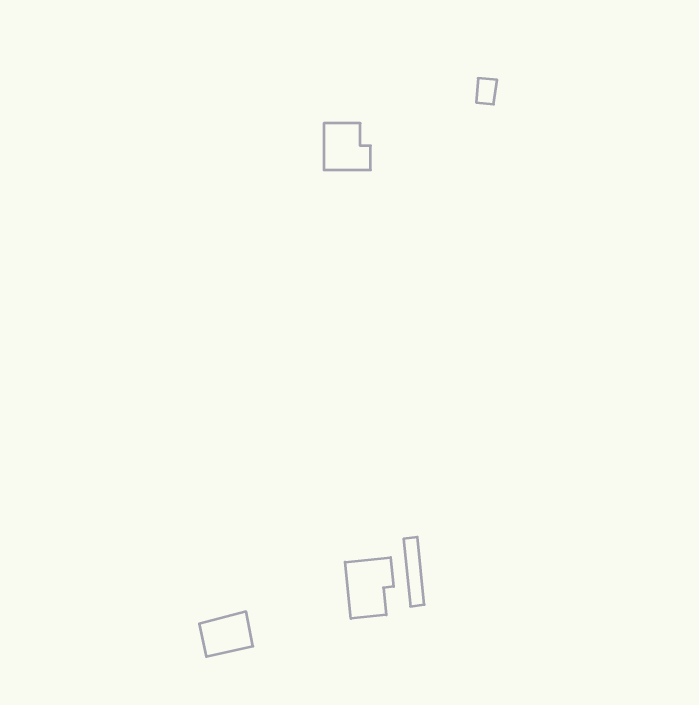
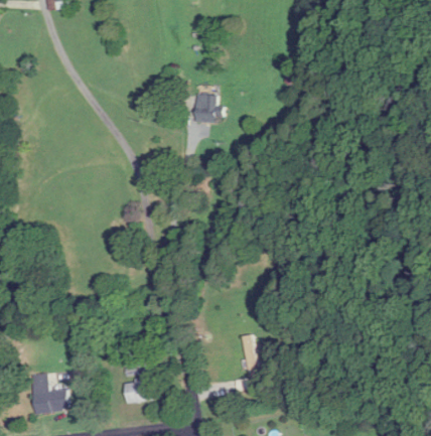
building: [345,557,394,619] -> none
building: none -> [31,374,69,413]

